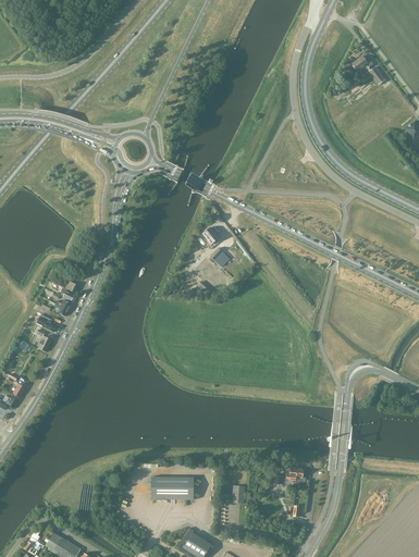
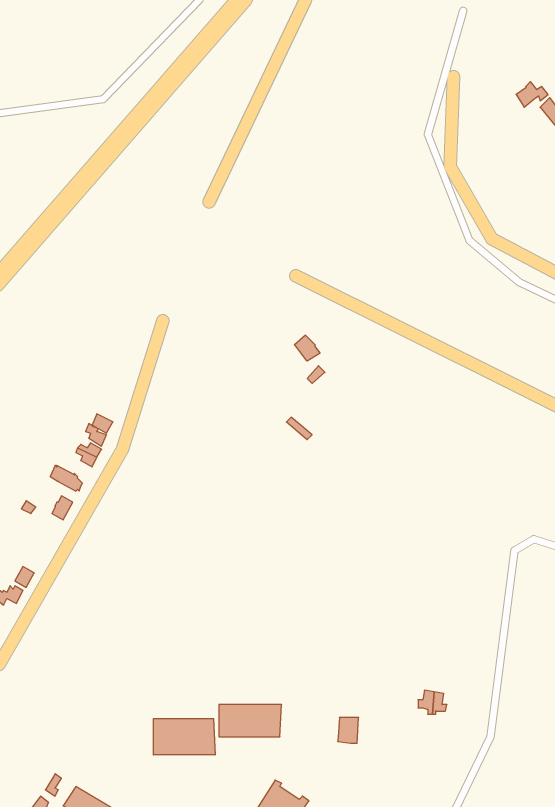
building: none -> [153,719,215,755]

